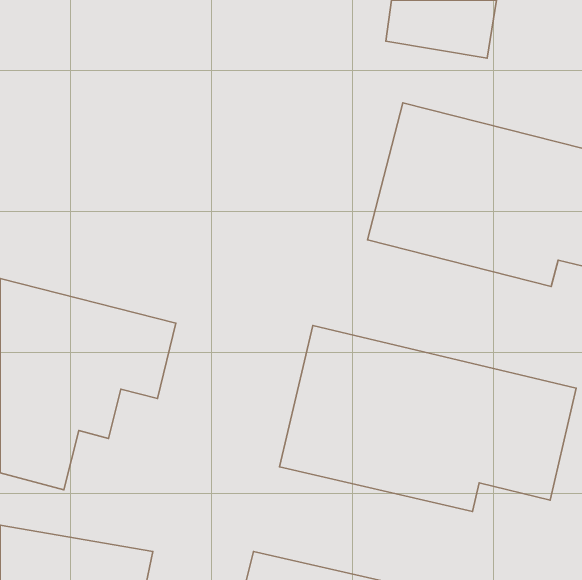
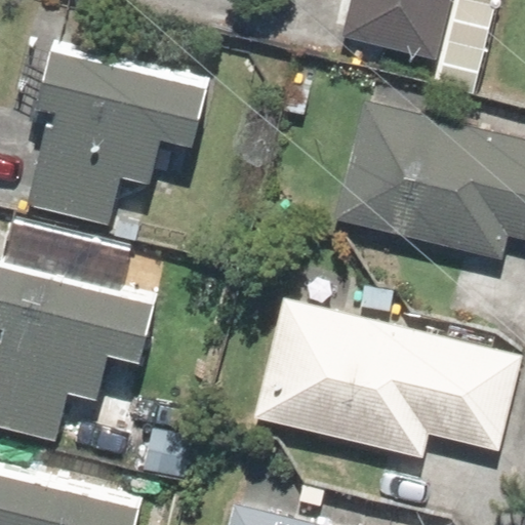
building: none -> [23,44,212,224]

